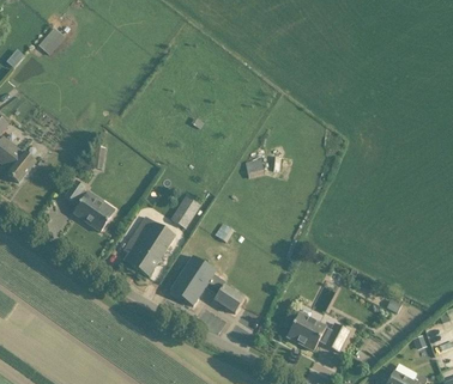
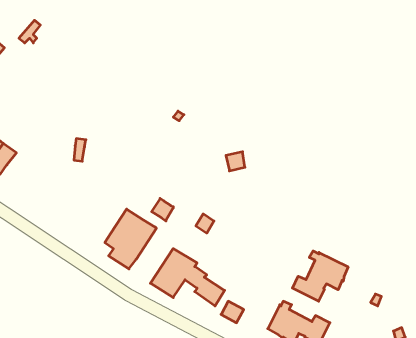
building: [66,179,115,230] -> none
building: none -> [292,251,348,301]

